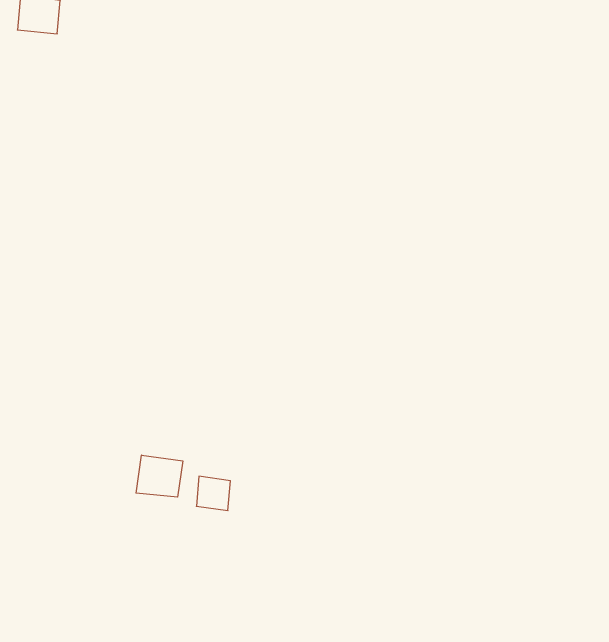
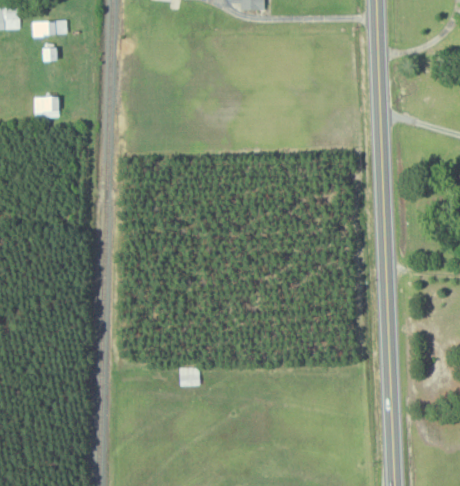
building: [136,455,183,497] -> none

